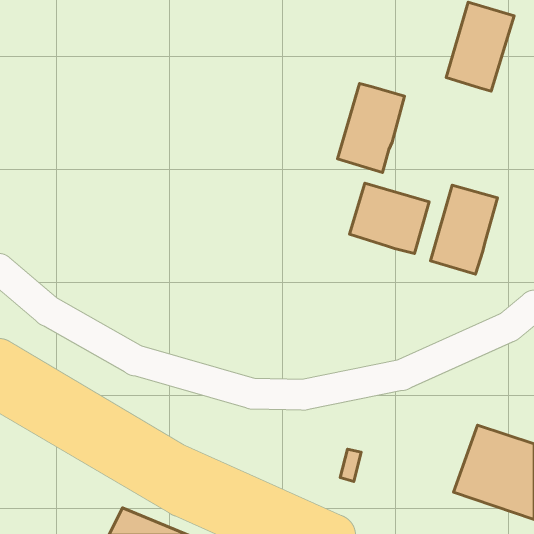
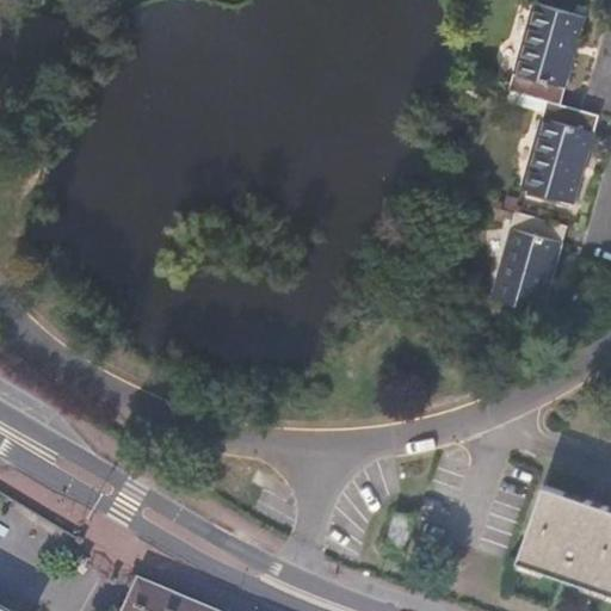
building: [338,84,405,173] -> [521,101,598,203]
building: [350,183,429,254] -> none

